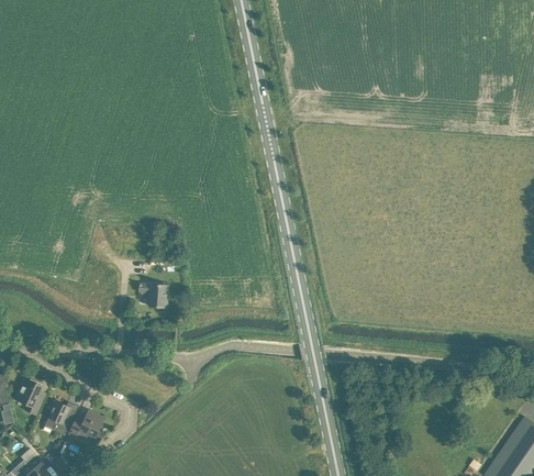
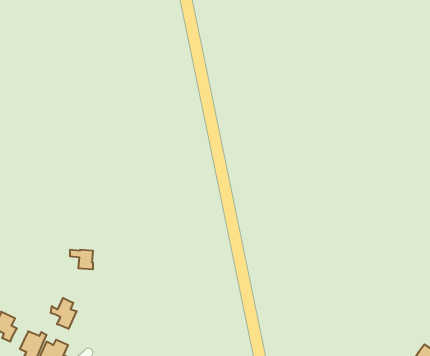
building: [138,284,166,307] -> [70,250,93,269]
building: none -> [51,298,77,329]

